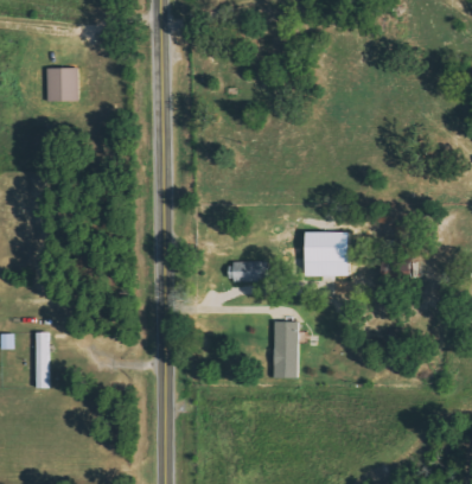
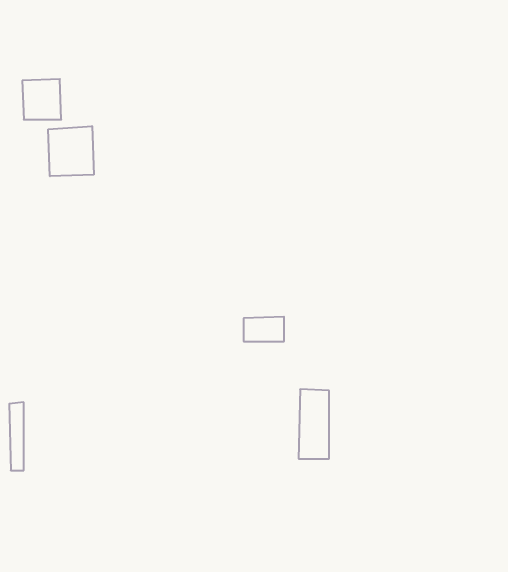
building: none -> [48,126,94,176]
building: [305,231,349,276] -> none

